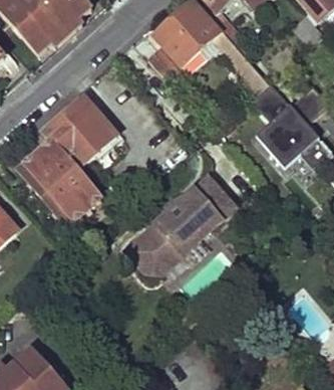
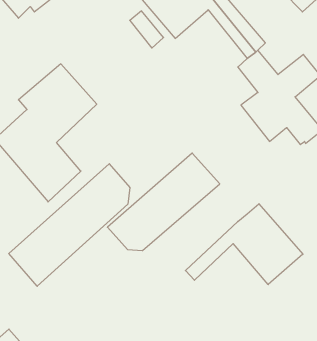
building: none -> [9,164,130,286]
building: none -> [185,204,303,285]

